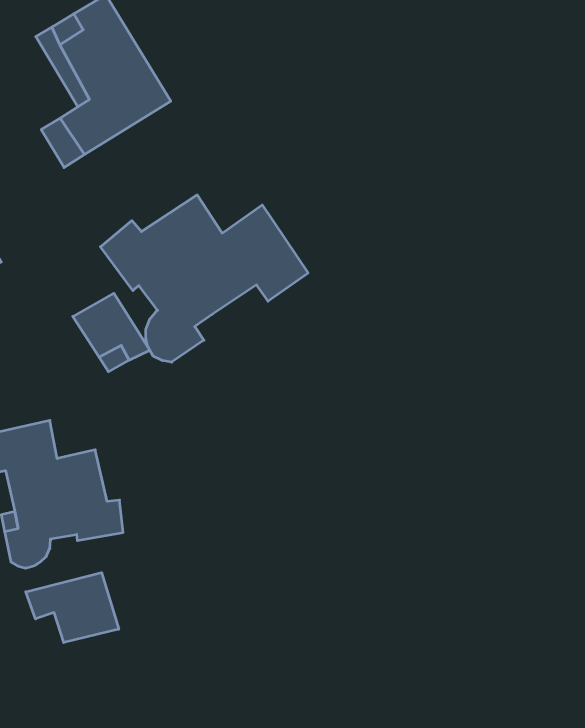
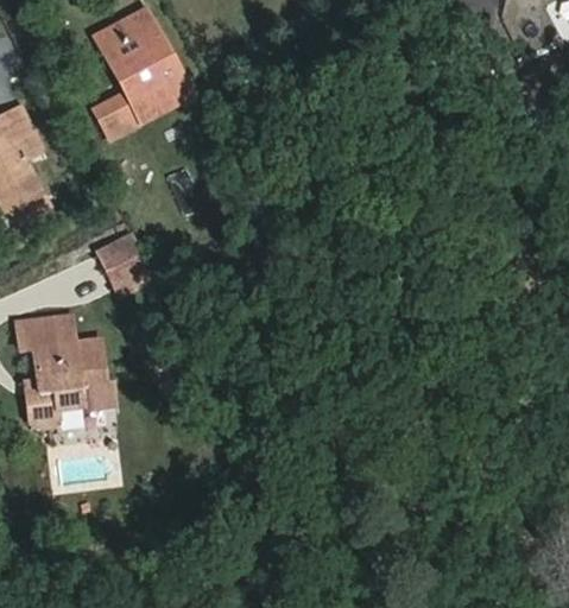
building: [100,195,308,362] -> none
building: [26,573,119,643] -> none

